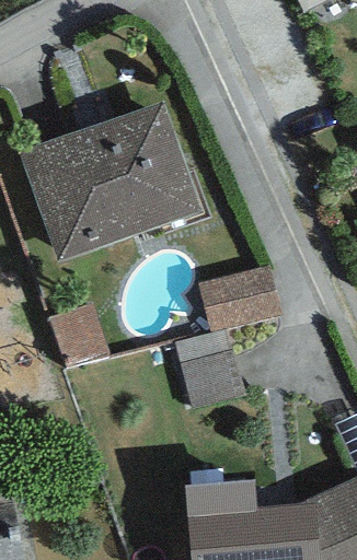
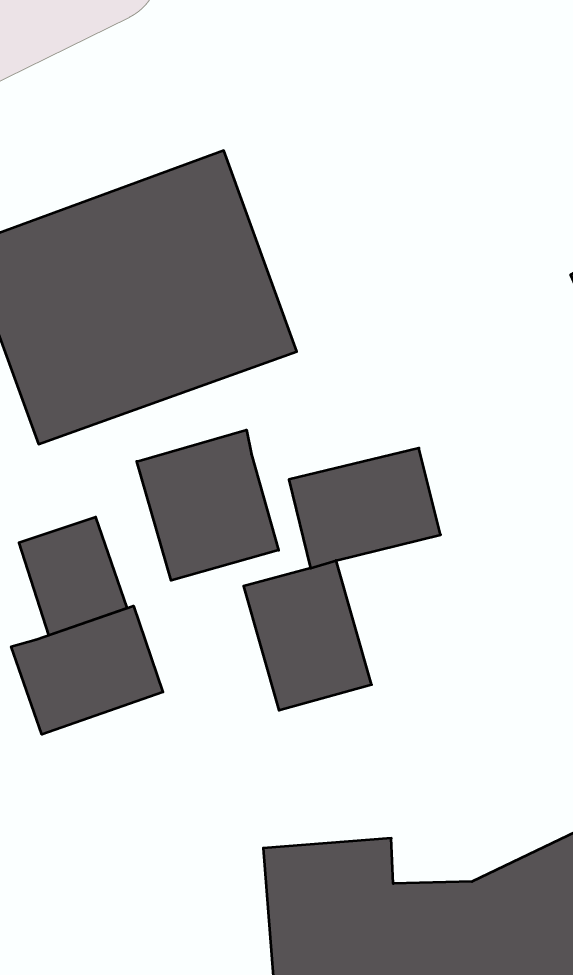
building: none -> [137,430,279,580]
building: none -> [11,606,163,734]

